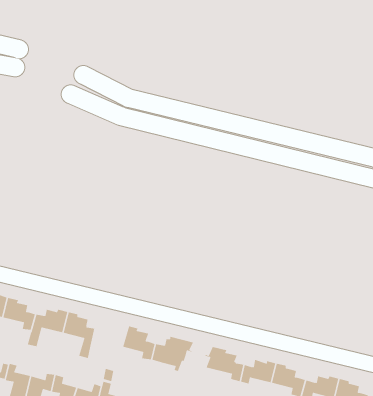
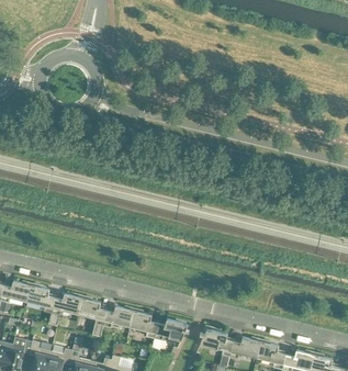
building: none -> [102,306,134,328]

